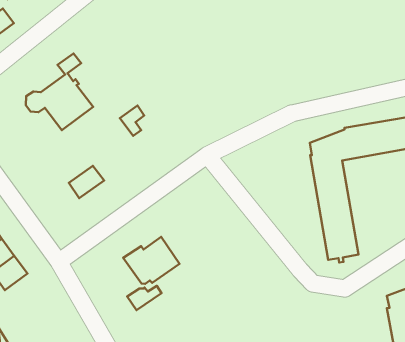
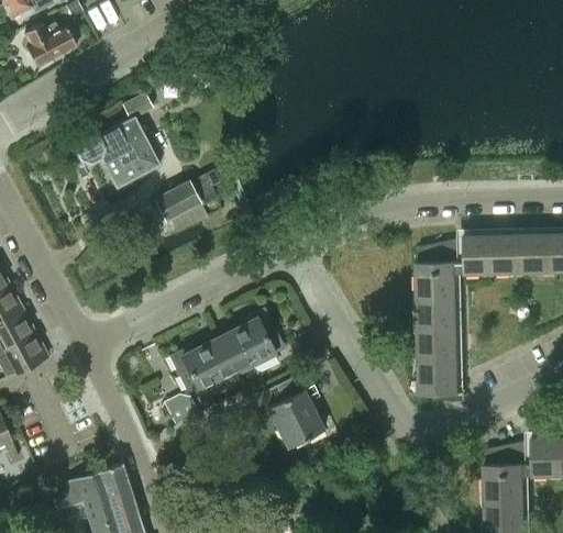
building: [69,166,104,198] -> [156,184,200,221]
building: none -> [219,307,283,373]
building: none -> [266,366,327,448]

